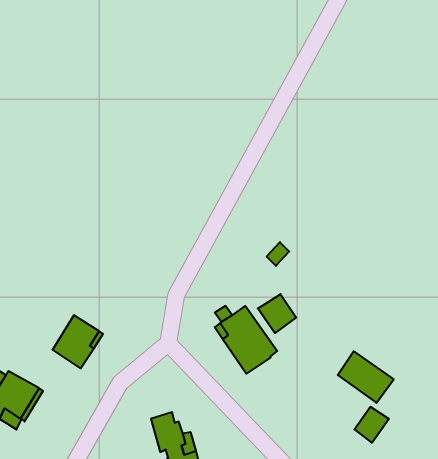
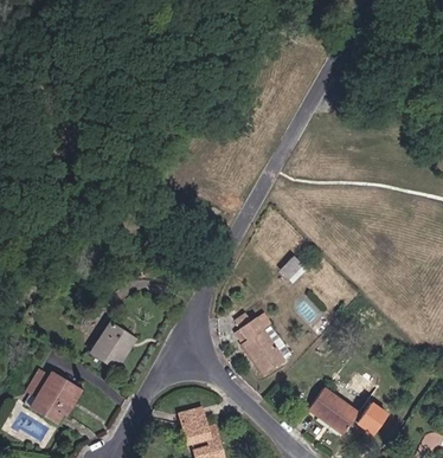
building: [258,294,296,333] -> none
building: [338,351,394,403] -> [309,388,359,434]

